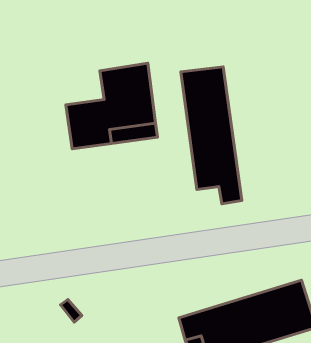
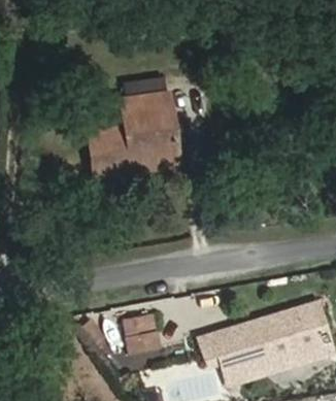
building: [181,67,242,204] -> none
building: none -> [124,314,159,352]

